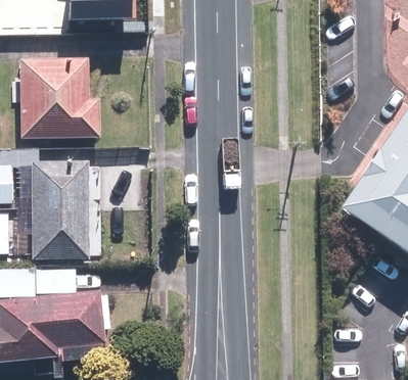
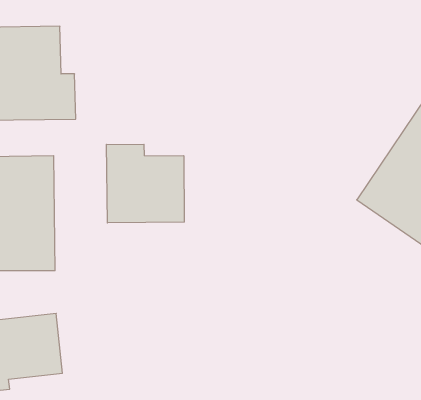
building: none -> [107,144,184,223]

